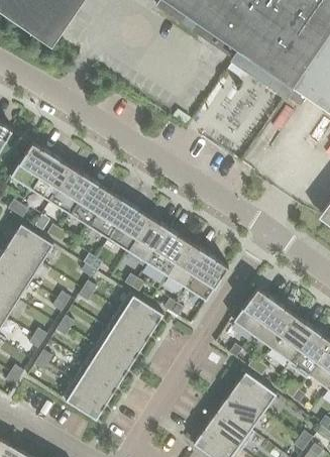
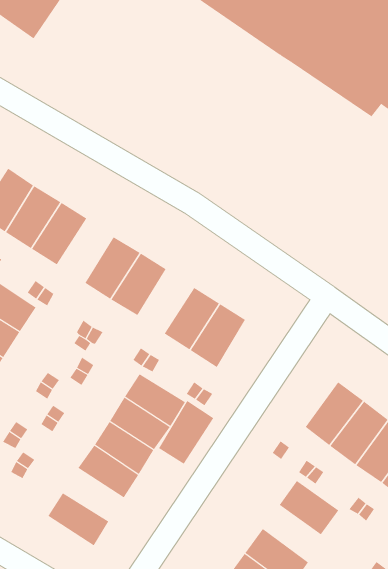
building: [68,179,109,226] -> none
building: [127,216,169,263] -> none
building: [186,253,227,301] -> [158,400,214,465]
building: [230,284,274,332] -> none
building: [72,362,117,402] -> none
building: [219,389,262,429] -> none

